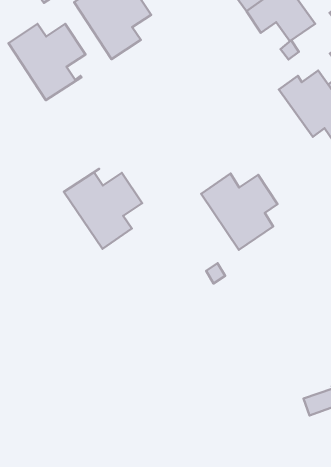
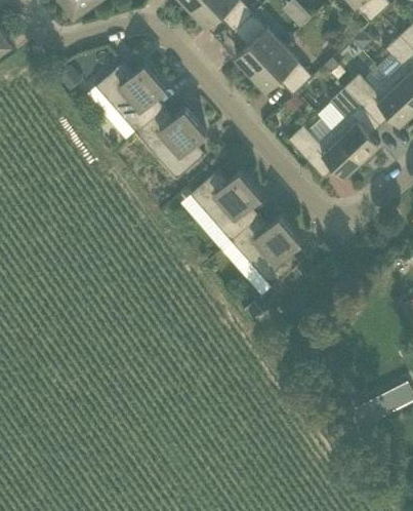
building: [8,24,86,100] -> [137,109,207,179]
building: [64,169,142,249] -> [192,170,262,241]

